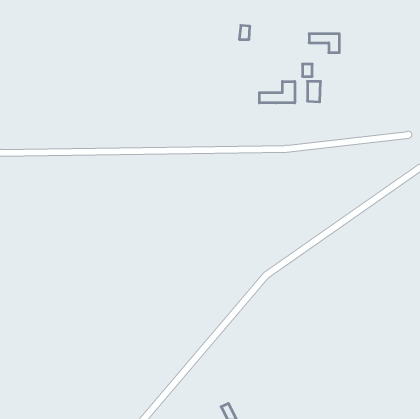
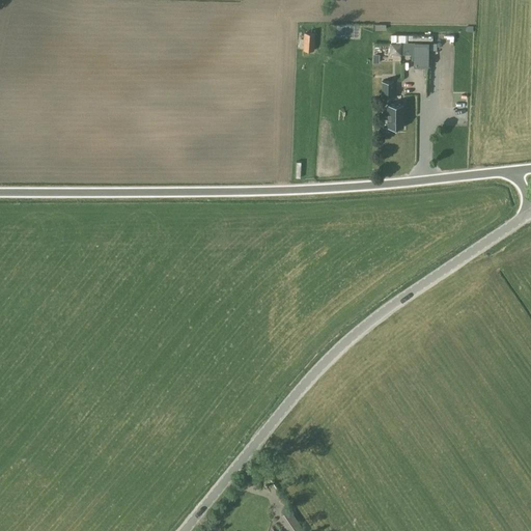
building: [259,81,295,103] -> none

